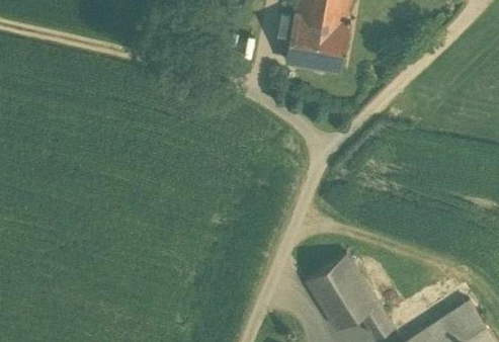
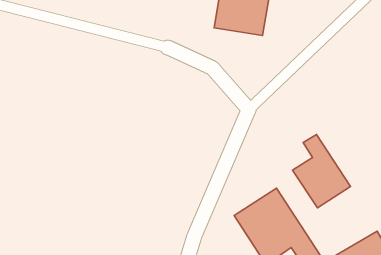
building: none -> [292,134,350,208]

